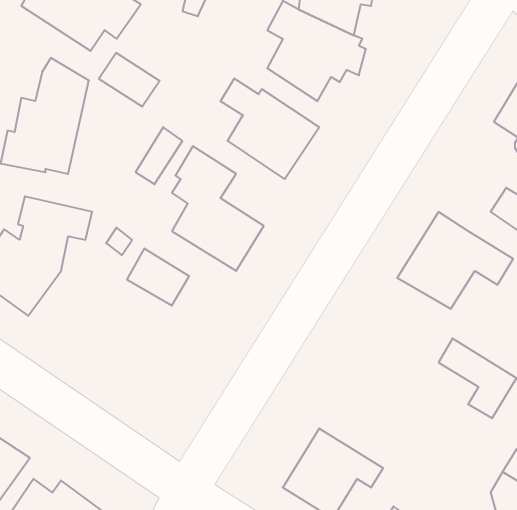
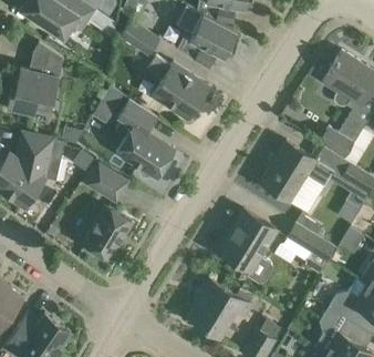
building: [99,53,160,107] -> [121,20,159,54]
building: none -> [83,205,132,259]
building: none -> [218,210,277,284]

